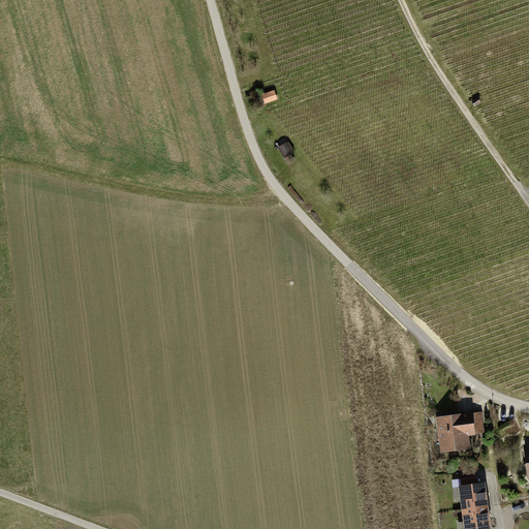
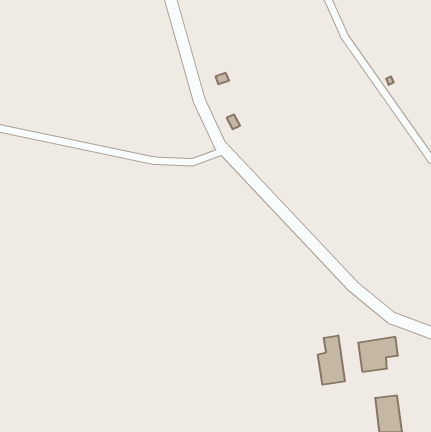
building: none -> [318,335,345,385]

